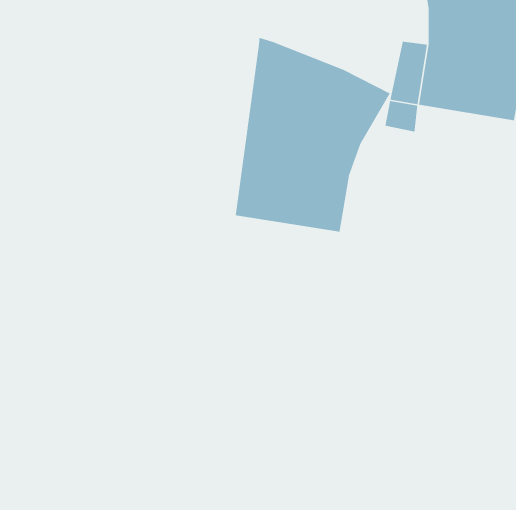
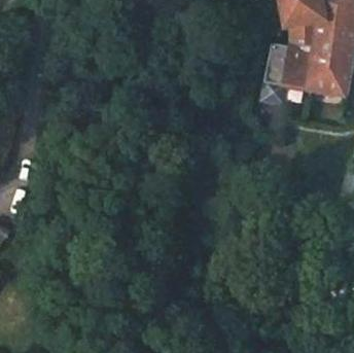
building: [235,37,391,233] -> none

